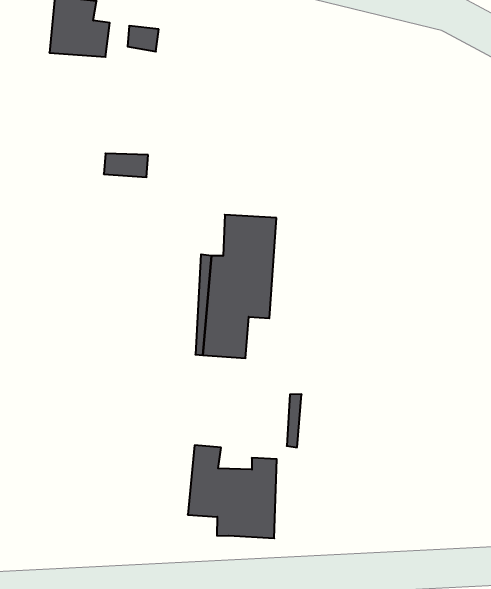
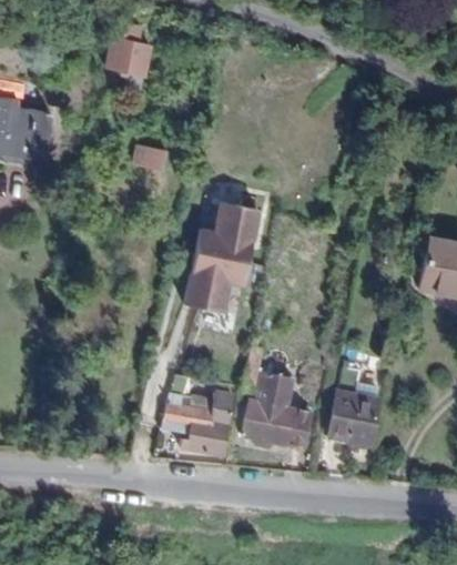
building: none -> [328,370,378,445]
building: none -> [244,373,311,446]

